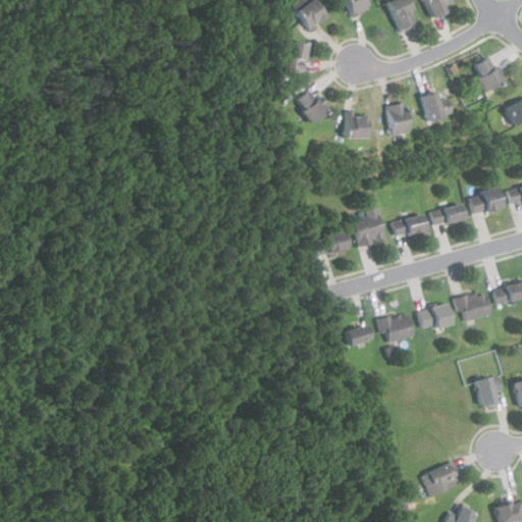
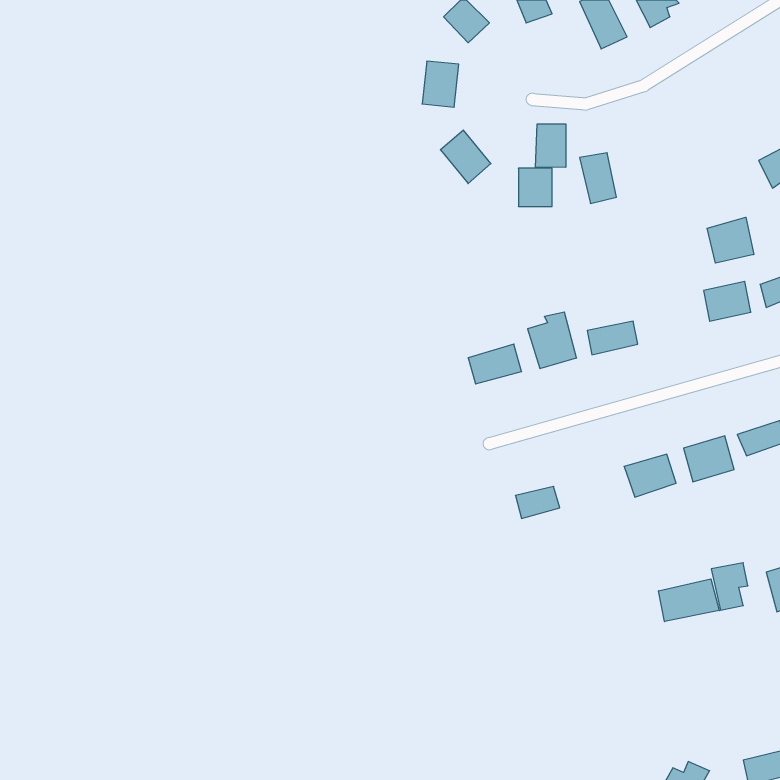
building: [472,56,506,92] -> none
building: none -> [535,124,566,168]
building: [423,91,452,122] -> none
building: none -> [707,217,754,263]
building: [431,204,465,225] -> none
building: [380,313,414,344] -> none
building: none -> [659,579,719,622]
building: [423,467,458,494] -> none

